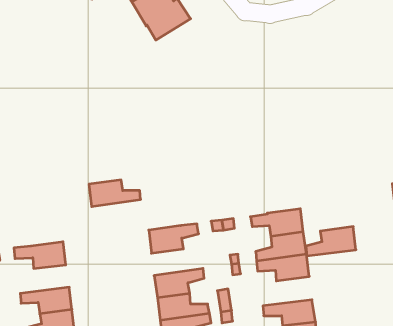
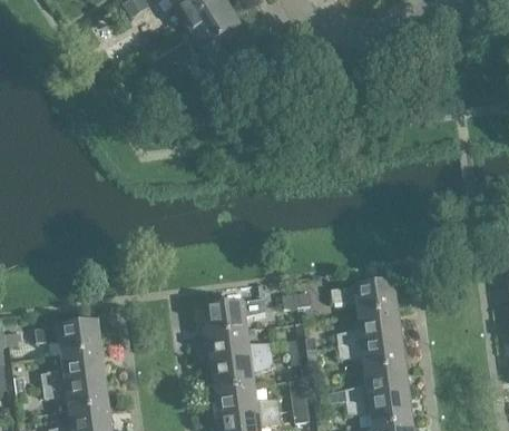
building: [89,180,141,207] -> [206,327,271,361]
building: [306,227,356,256] -> [344,362,407,399]
building: none -> [40,347,104,383]

